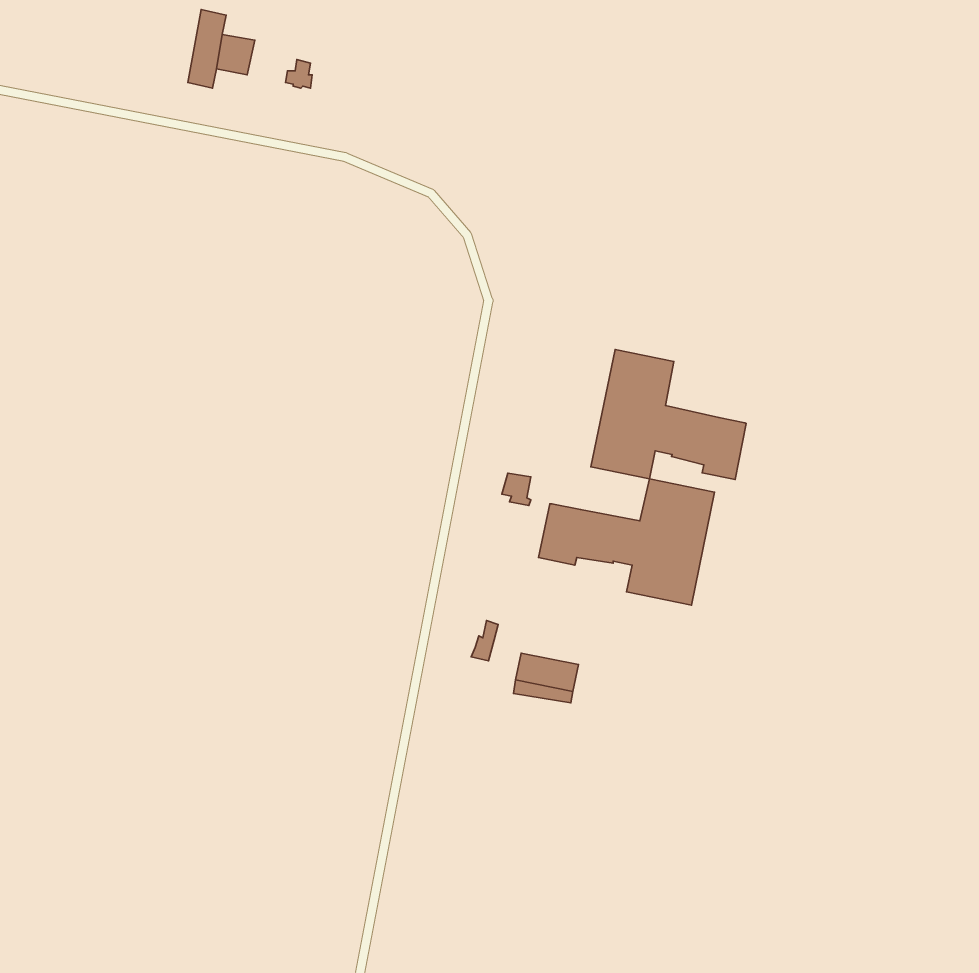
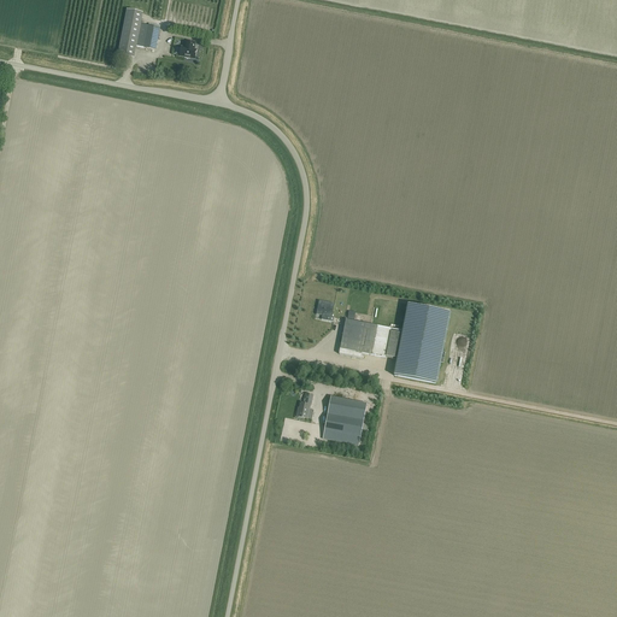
building: [591,349,746,480] -> none
building: none -> [328,394,366,418]

